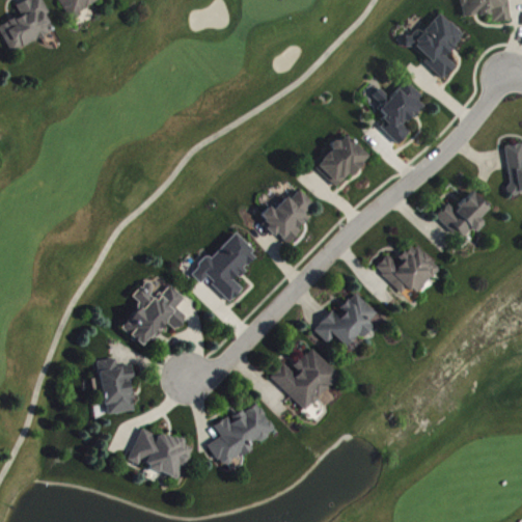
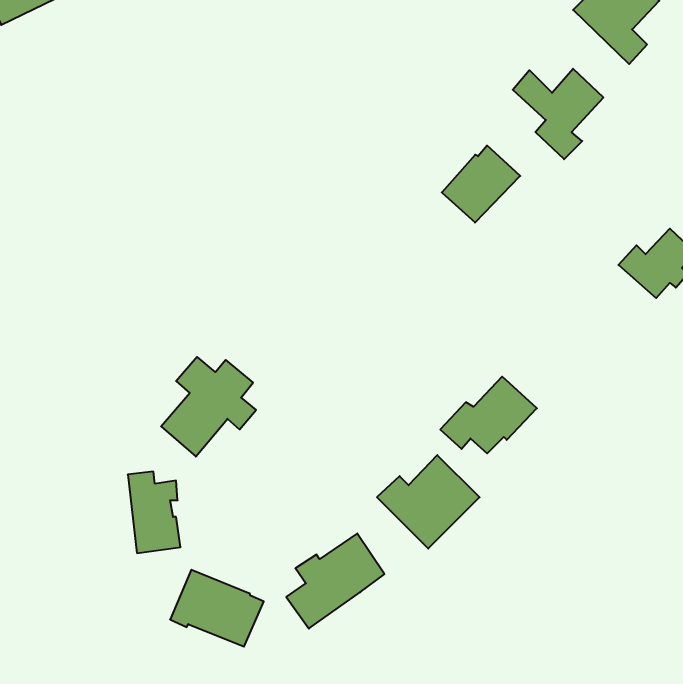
building: [258,189,313,244] -> none
building: [190,232,257,301] -> none
building: [376,242,440,293] -> none

